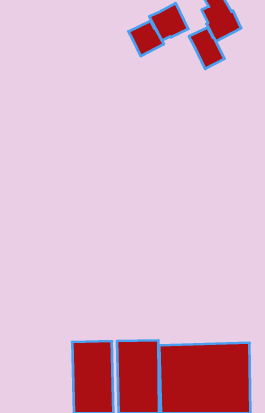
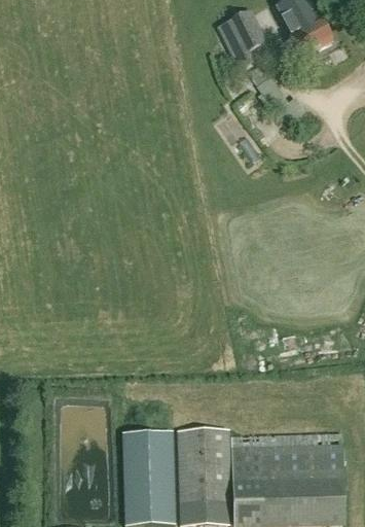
building: [128,21,164,56] -> none
building: [189,27,225,69] -> none

